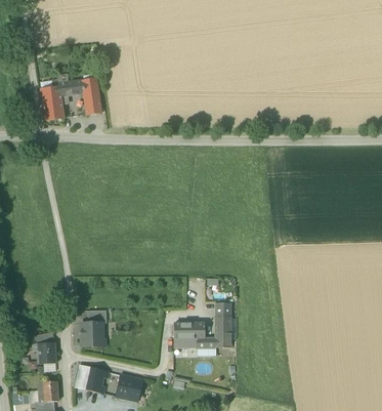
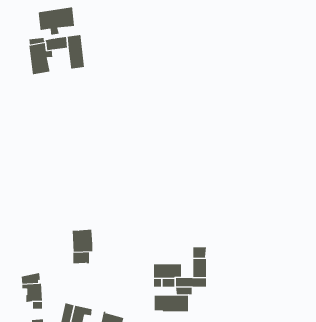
building: none -> [38,7,75,35]
building: [80,322,102,346] -> [72,229,93,252]
building: none -> [154,295,188,312]

